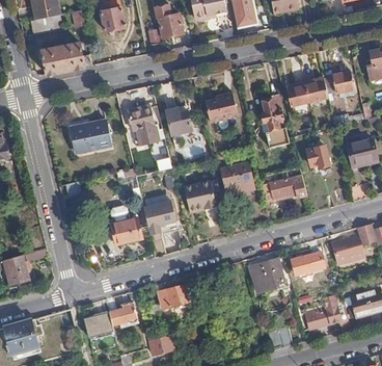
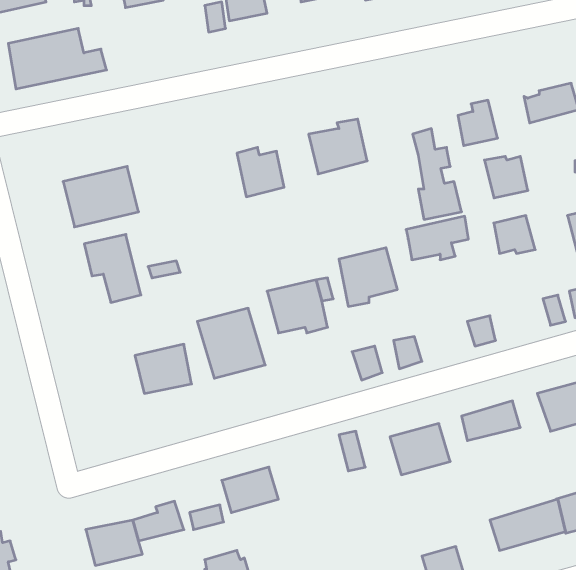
building: [304,80,328,103] -> [484,156,528,198]
building: [127,107,158,145] -> [84,234,141,302]
building: [270,176,304,200] -> [406,216,468,260]

